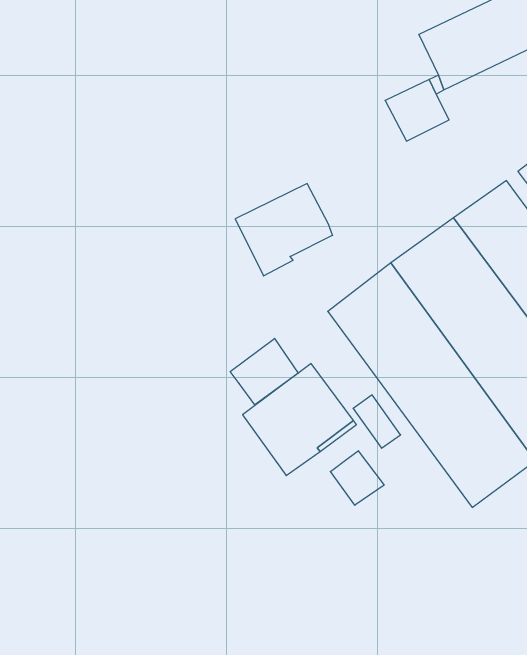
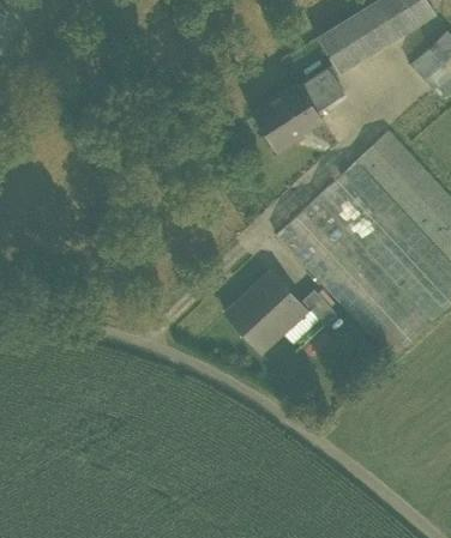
building: [235,184,333,276] -> [253,84,321,151]
building: [230,338,298,405] -> none
building: [330,451,384,505] -> none

